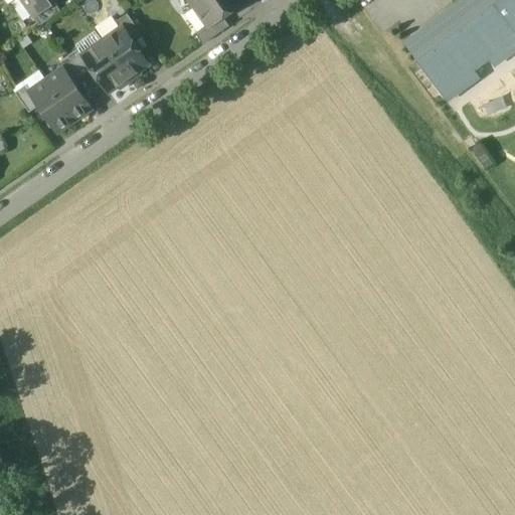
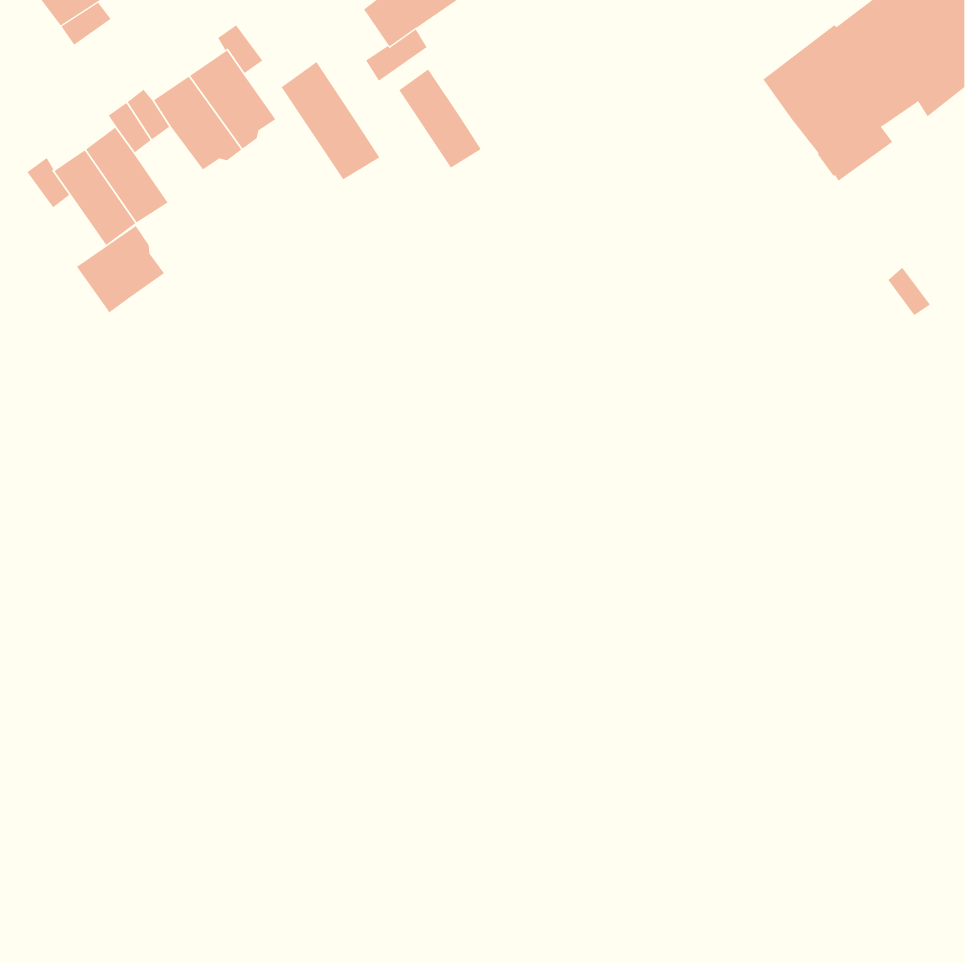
building: none -> [281,61,380,180]
building: none -> [398,69,482,168]
building: none -> [76,225,165,313]

